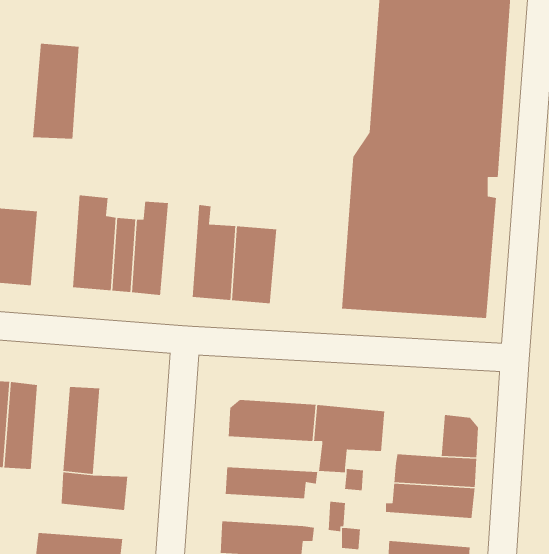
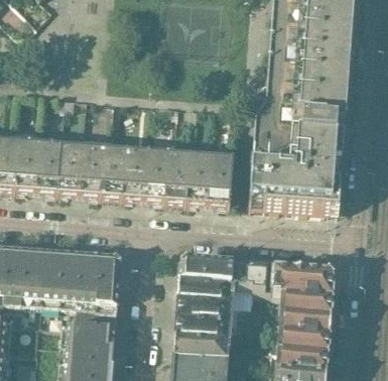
building: [32,43,80,140] -> [58,132,88,192]
building: none -> [138,139,161,198]
building: none -> [206,155,234,203]
building: none -> [58,251,82,304]
building: none -> [97,253,121,307]
building: none -> [274,267,312,295]
building: none -> [178,283,237,304]
building: none -> [175,319,234,338]
building: none -> [62,323,116,346]
building: none -> [275,330,330,351]

